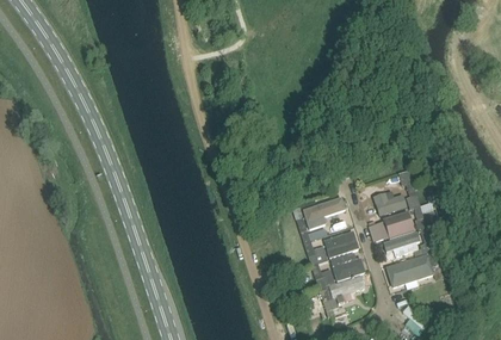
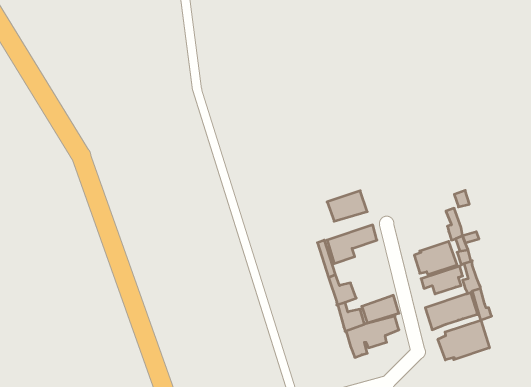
building: [372,190,406,215] -> none
building: [323,230,358,256] -> [327,191,367,221]
building: none -> [438,320,489,360]

